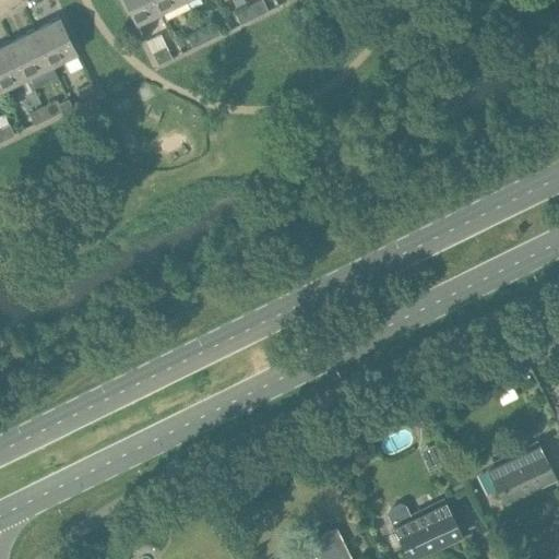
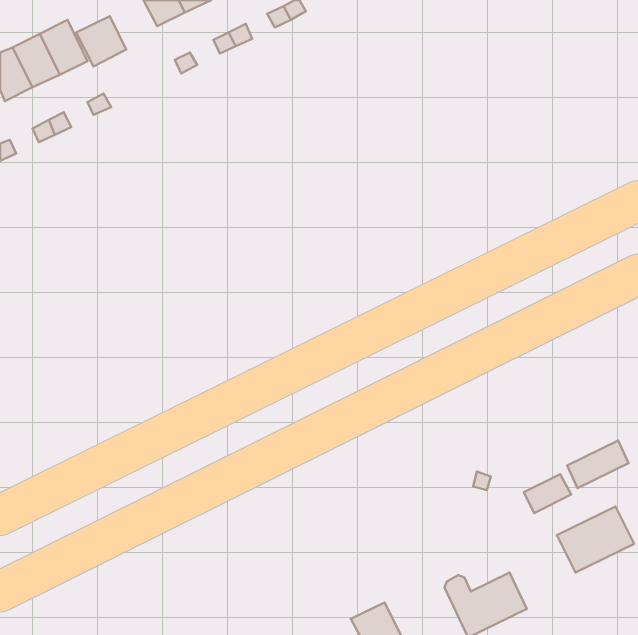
building: none -> [76,16,126,66]
building: none -> [567,440,629,488]
building: none -> [524,474,571,513]

